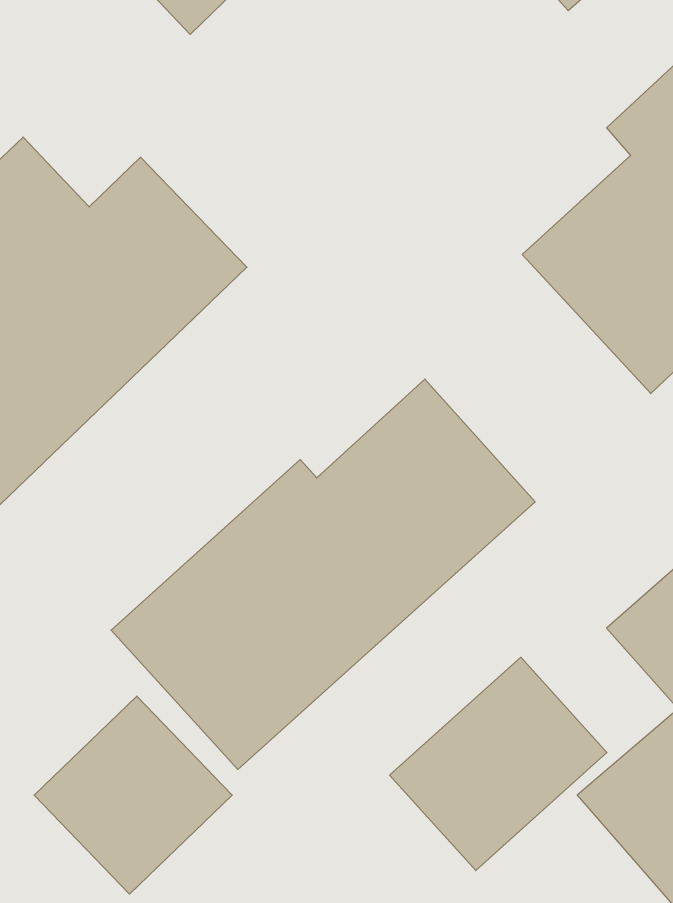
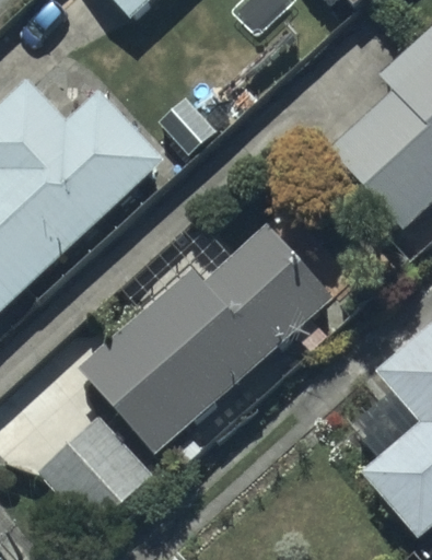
building: [390,657,607,871] -> none

